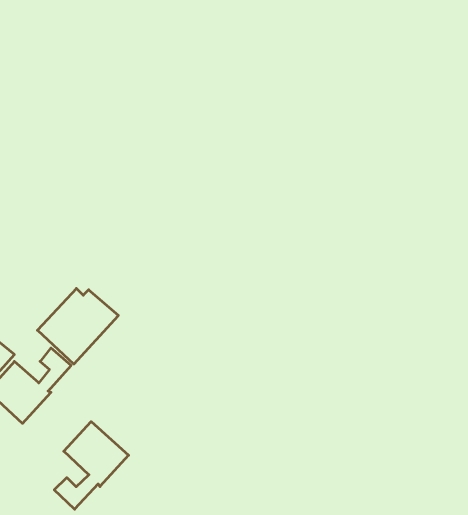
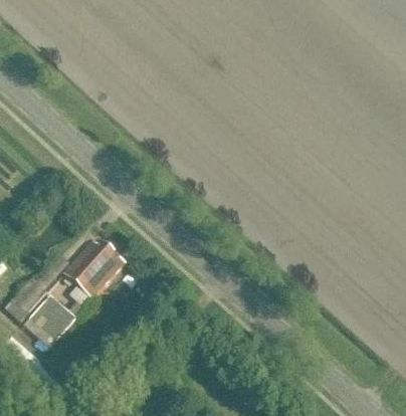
building: [54,422,129,509] -> none

